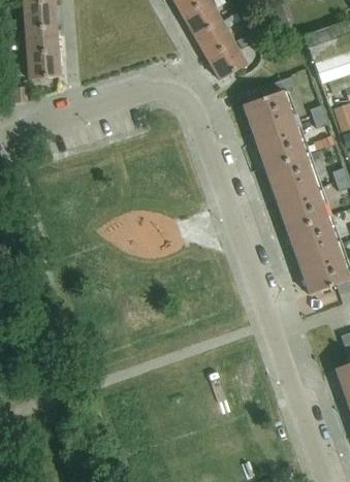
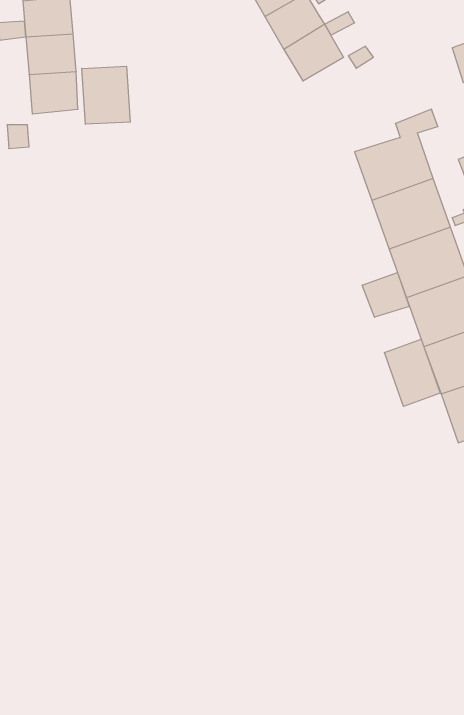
building: [209,42,249,81] -> none
building: none -> [82,66,130,124]
building: none -> [362,272,409,317]
building: none -> [384,339,440,406]

